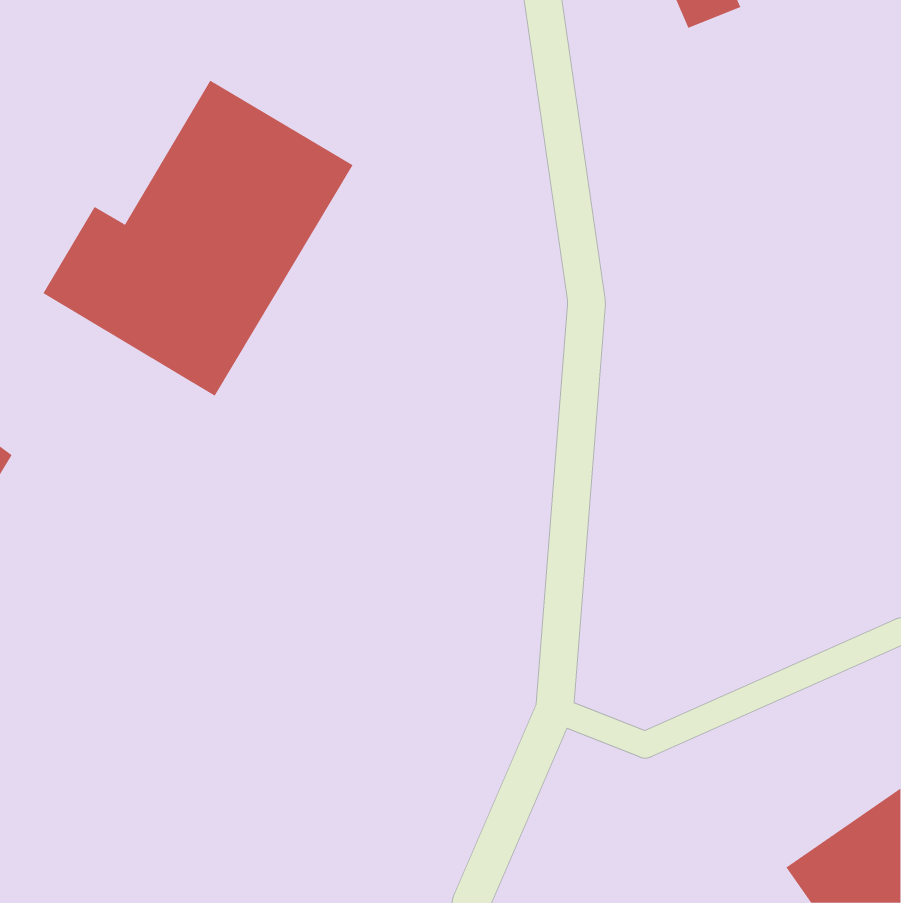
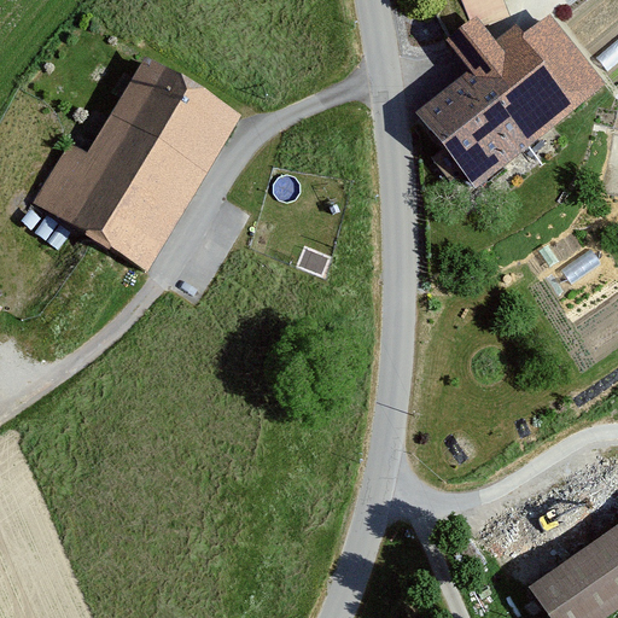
building: none -> [430,14,604,176]

